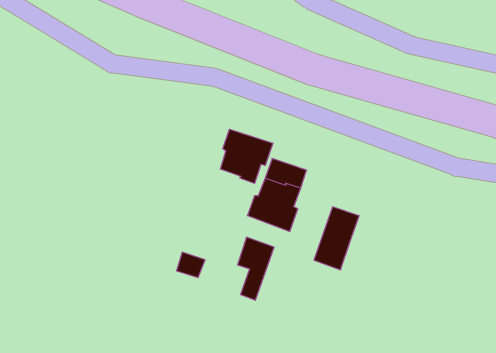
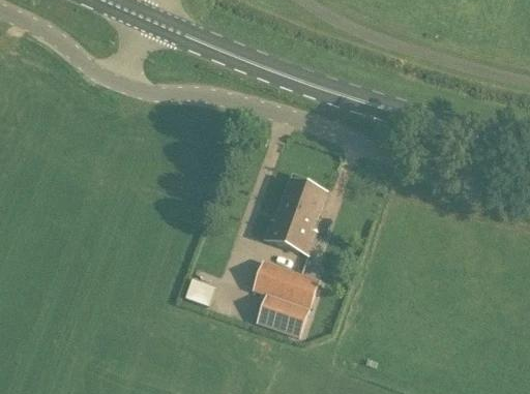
building: [221,129,273,183] -> none
building: [314,207,359,270] -> [272,271,320,337]

